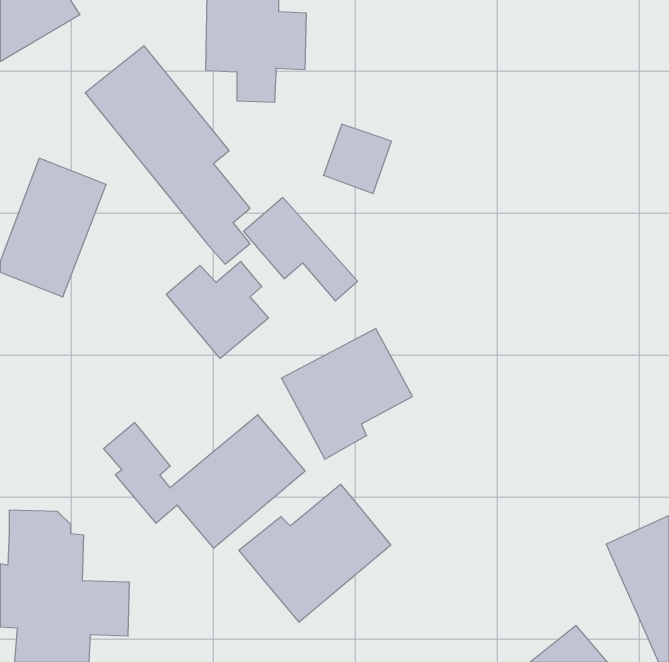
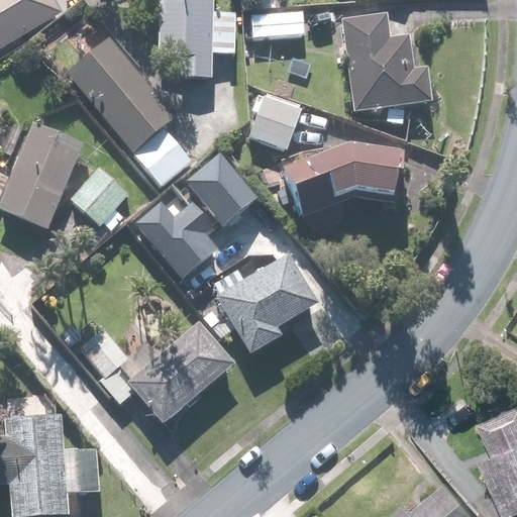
building: none -> [250,9,305,37]
building: none -> [343,12,432,124]
building: none -> [283,145,401,222]
building: none -> [70,166,130,230]
building: [239,484,391,622] -> none

